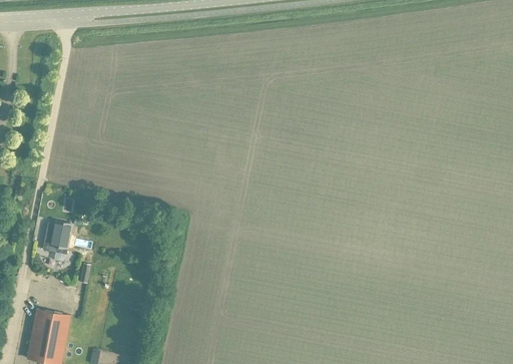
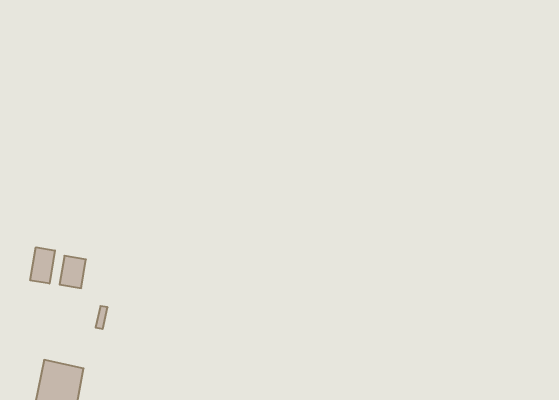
building: none -> [30,247,55,284]

